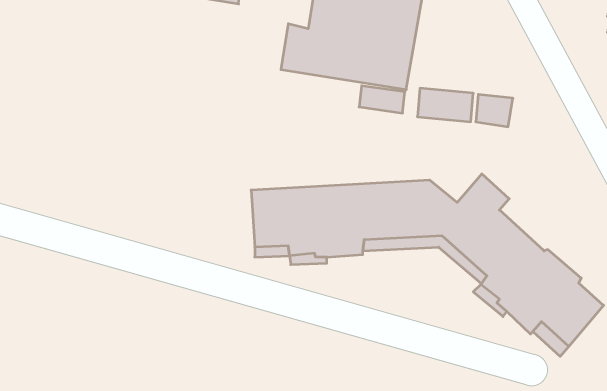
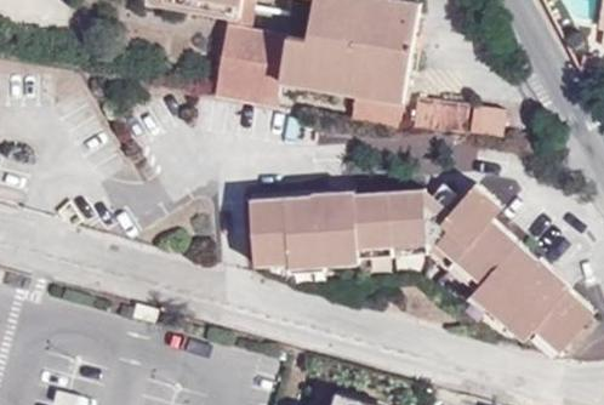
building: none -> [218,28,285,108]

